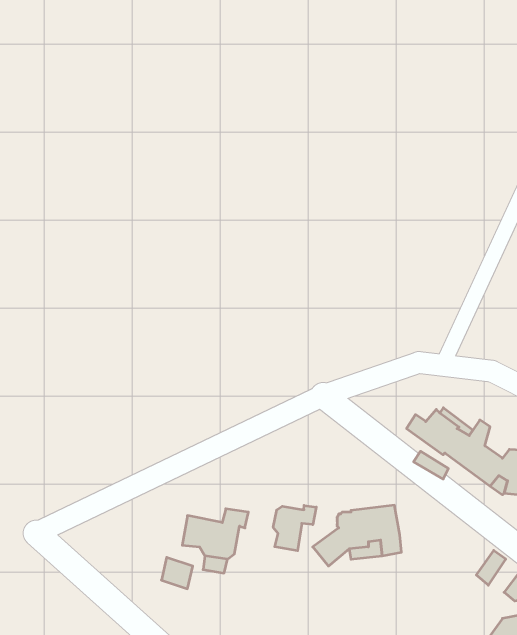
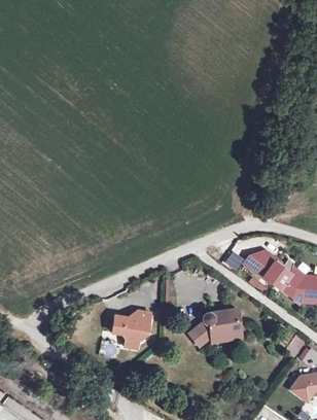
building: [273,505,316,551] -> none

